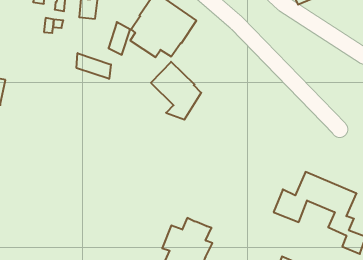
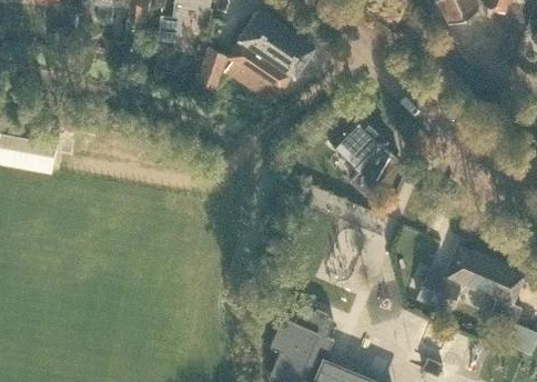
building: [77,53,111,79] -> none
building: [151,62,201,120] -> [331,114,397,191]

